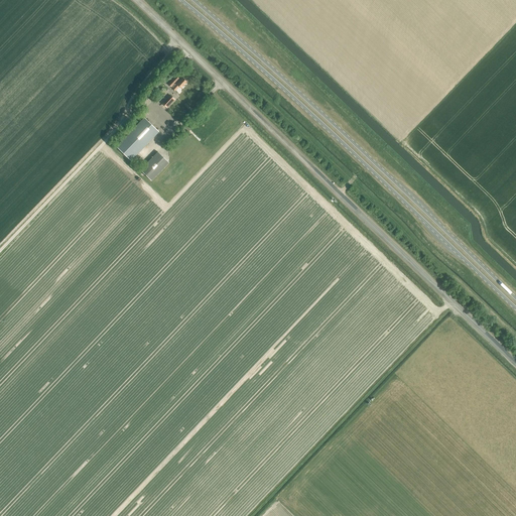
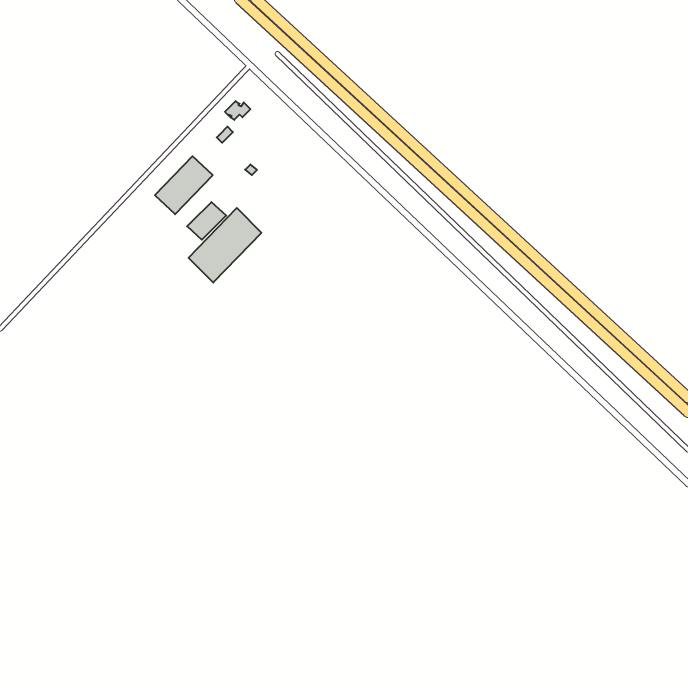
building: none -> [189,208,261,283]

